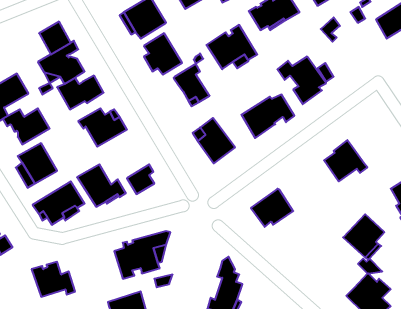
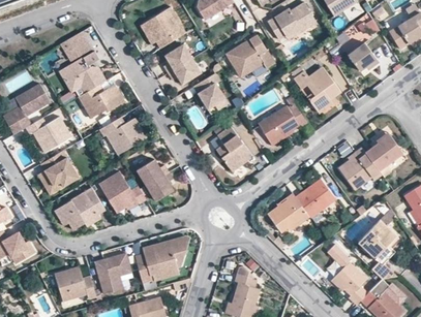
building: none -> [348,42,379,71]
building: none -> [365,132,403,170]
building: none -> [137,159,169,185]
building: none -> [296,179,336,217]
building: none -> [329,245,368,305]
building: none -> [95,253,130,293]

